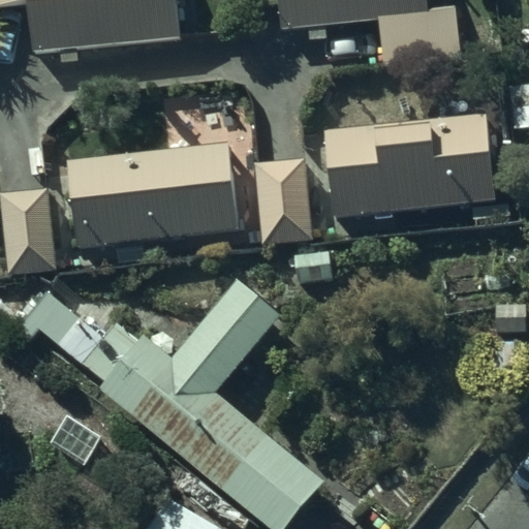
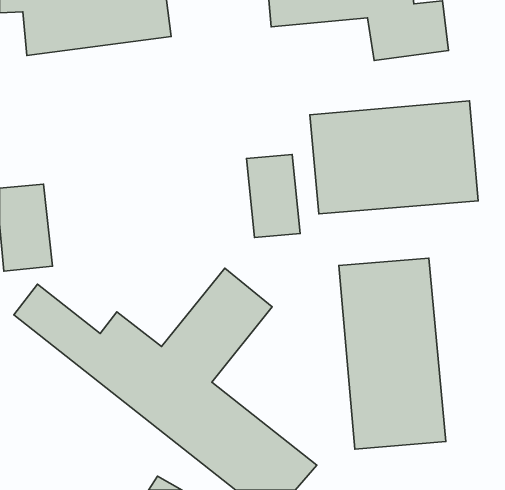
building: [61,139,242,253] -> none
building: none -> [339,258,446,449]

